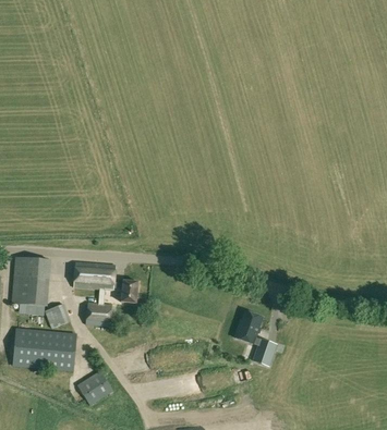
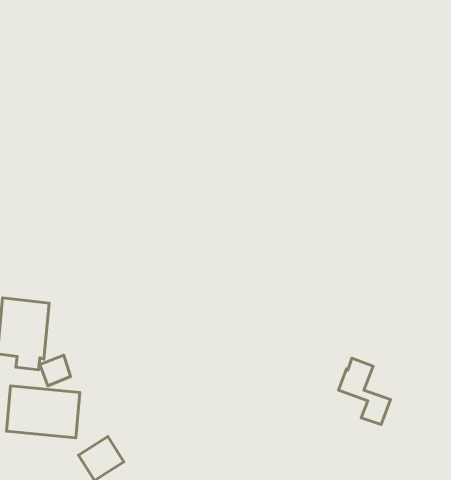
building: [72,261,137,325] -> none
building: [233,310,276,365] -> [338,358,390,425]

